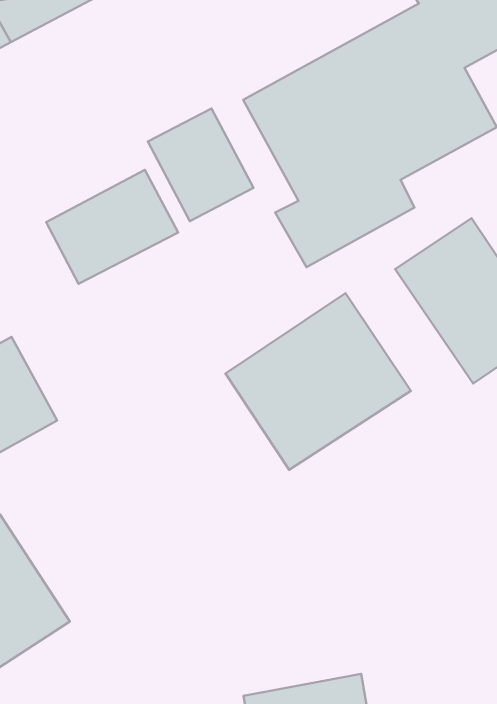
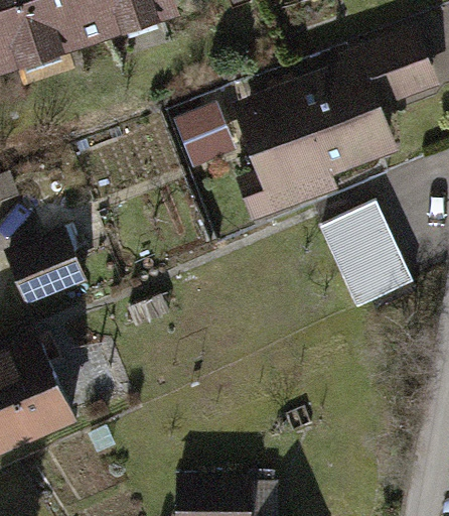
building: [46,170,178,284] -> none
building: [225,293,411,470] -> none

